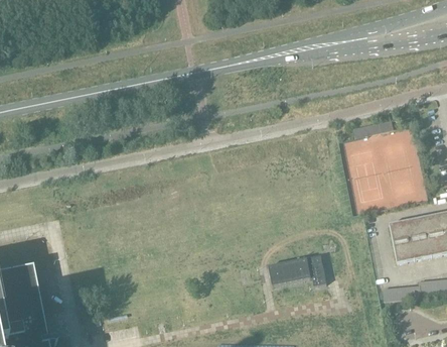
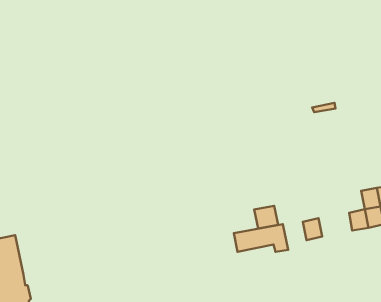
building: [389,218,410,242] -> [303,218,322,240]
building: none -> [254,206,278,229]

